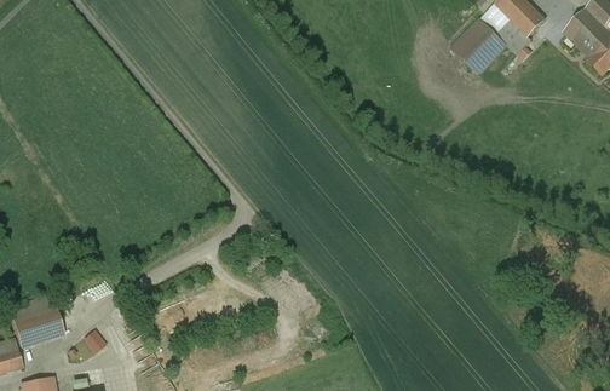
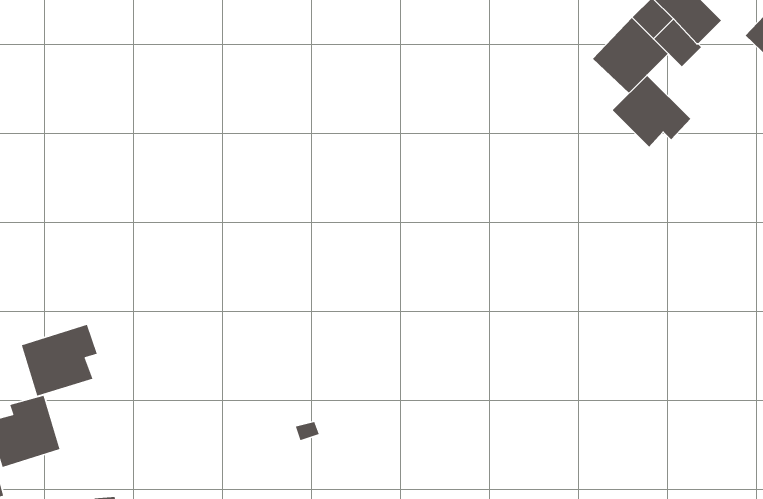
building: none -> [611,75,691,148]
building: none -> [21,324,98,397]

